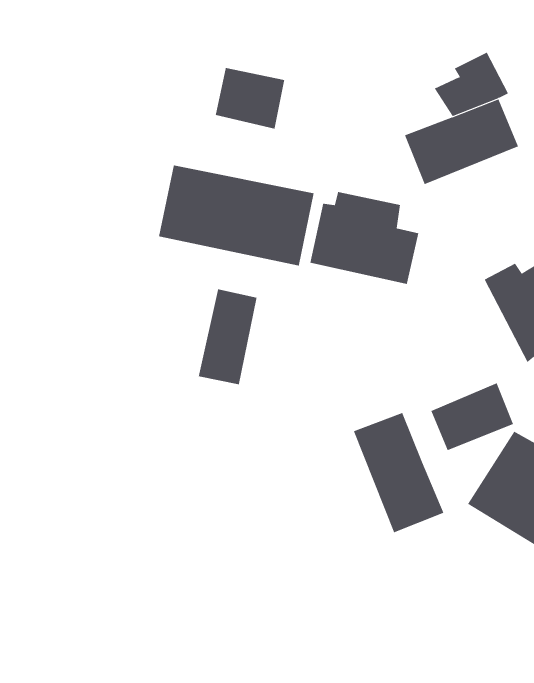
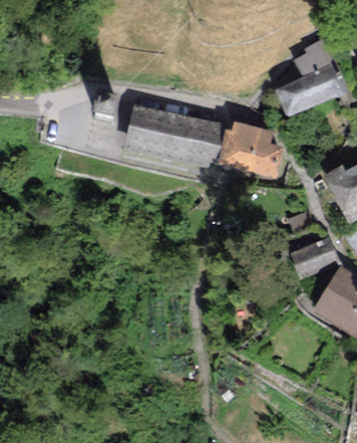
building: [215,67,285,129] -> none
building: [198,288,257,385] -> none
building: [353,412,444,533] -> none

